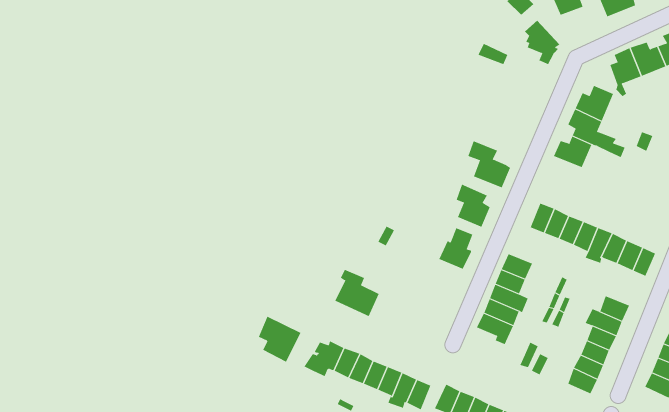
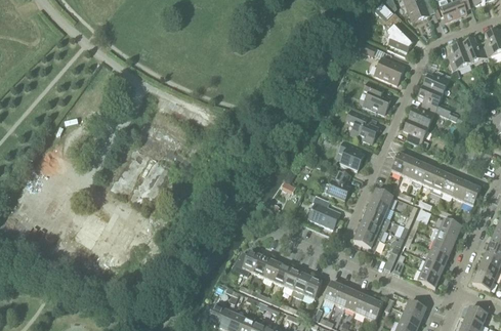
building: none -> [374,55,405,83]
building: none -> [364,80,391,113]
building: none -> [404,119,428,147]
building: [334,269,379,317] -> [308,194,340,227]
building: [258,316,301,362] -> none

